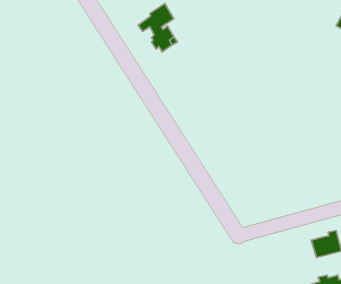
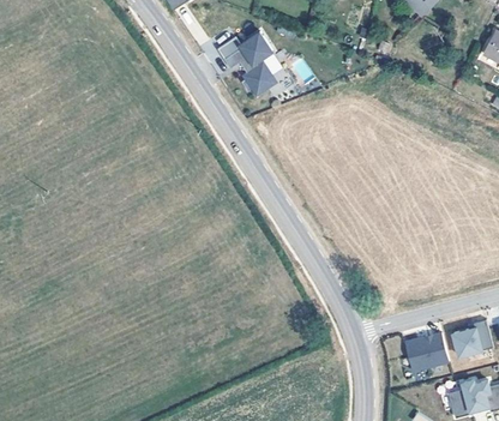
building: none -> [402,339,446,378]

